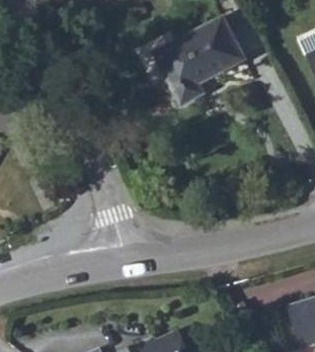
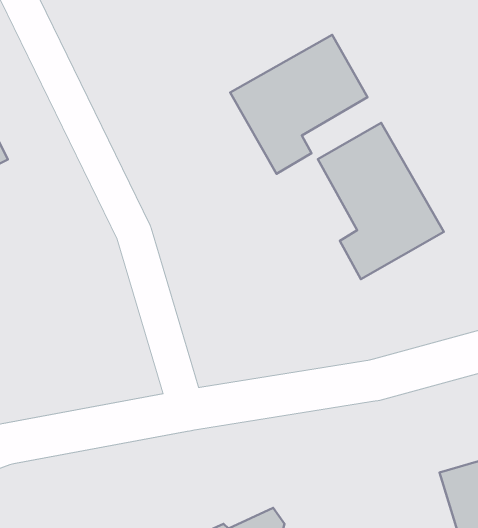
building: none -> [318,123,444,279]

